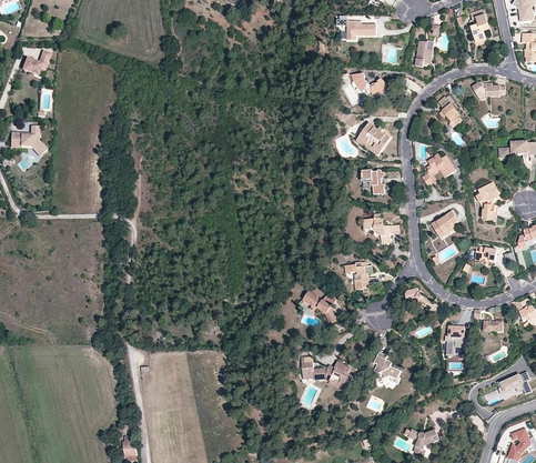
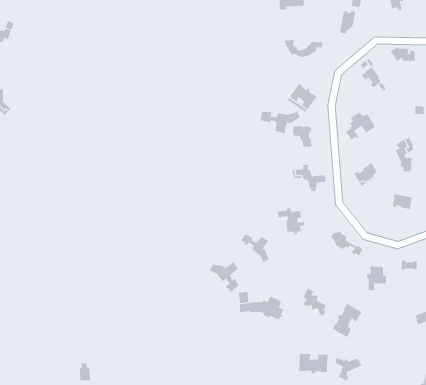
building: none -> [260,111,300,134]
building: none -> [209,261,239,293]
building: none -> [332,303,362,338]
building: none -> [299,353,328,374]

